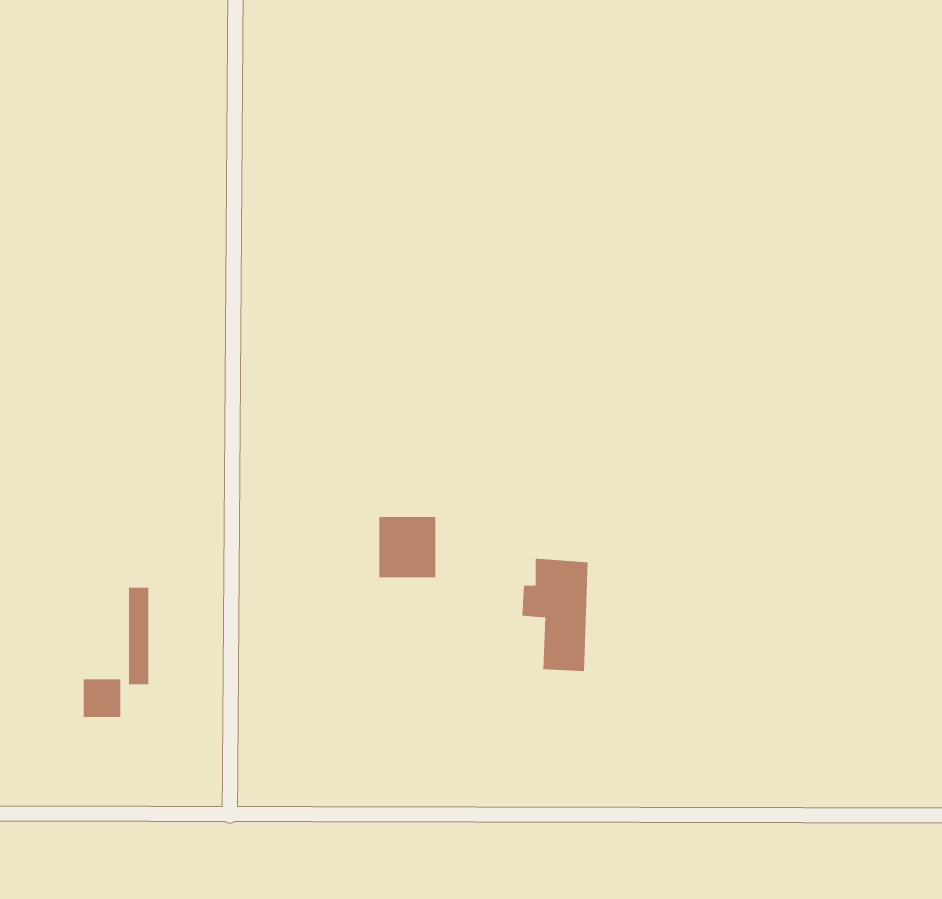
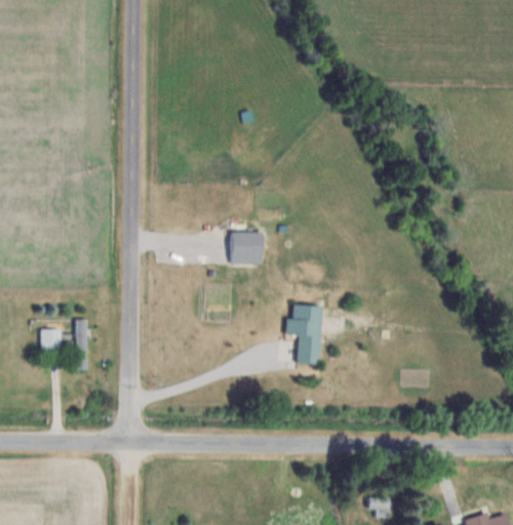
building: [378,516,436,578] -> [231,231,262,264]
building: [83,679,121,717] -> [39,329,60,350]

